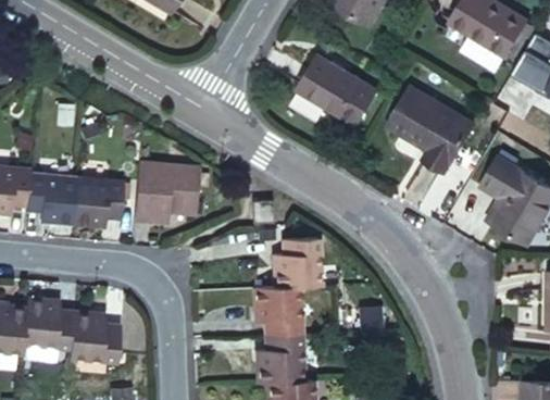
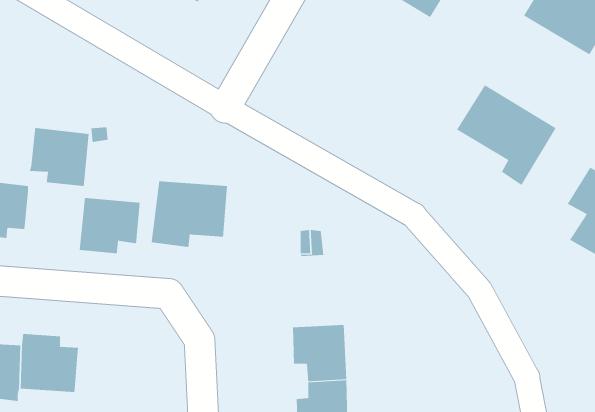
building: [301,55,361,113] -> none
building: [24,175,75,225] -> [29,127,90,186]
building: [272,239,317,289] -> none
building: [67,308,116,355] -> none

